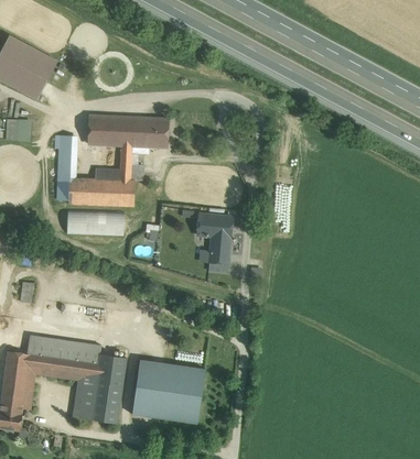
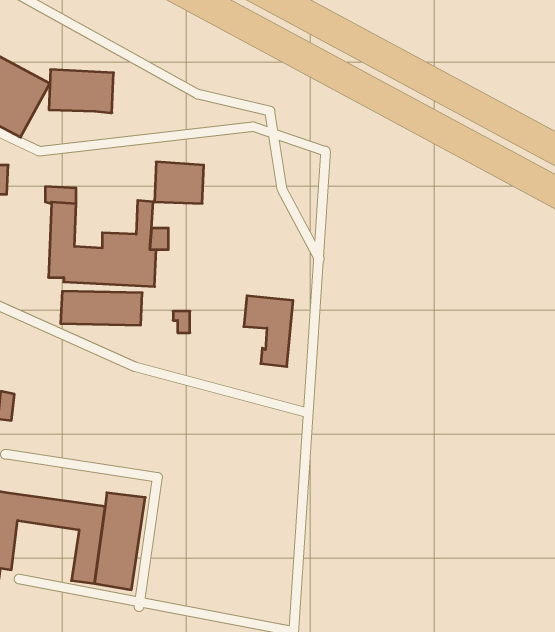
building: [87,114,133,145] -> [49,70,114,113]
building: [26,334,99,363] -> none
building: [132,360,204,423] -> none

